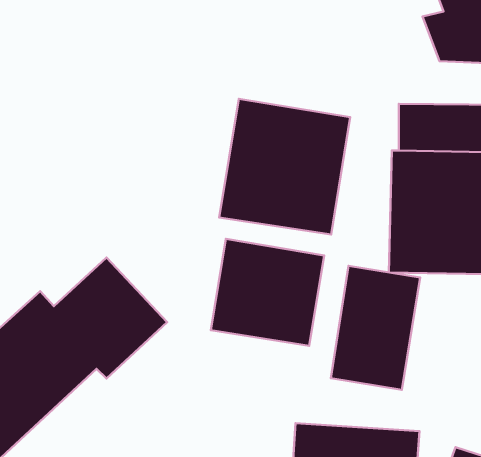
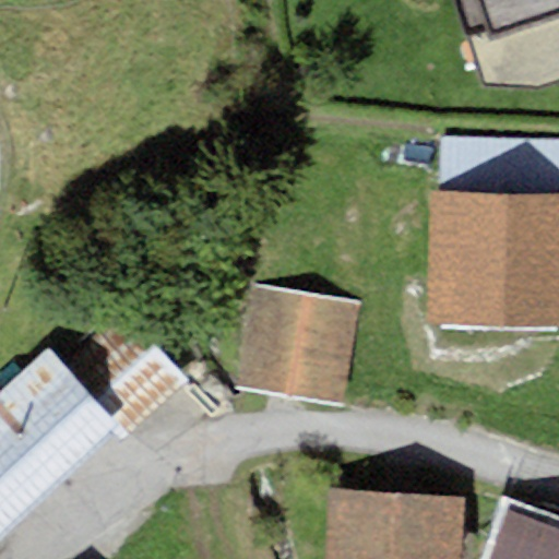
building: [219,99,350,235] -> none
building: [331,266,420,390] -> none

